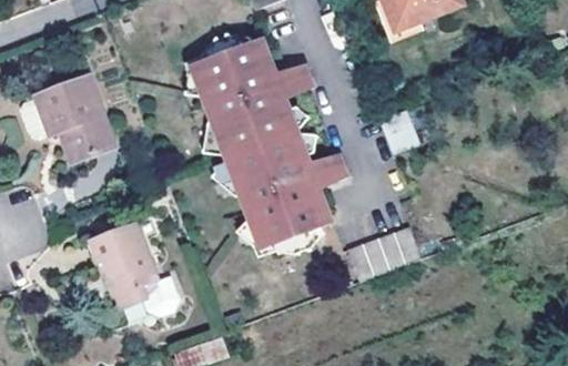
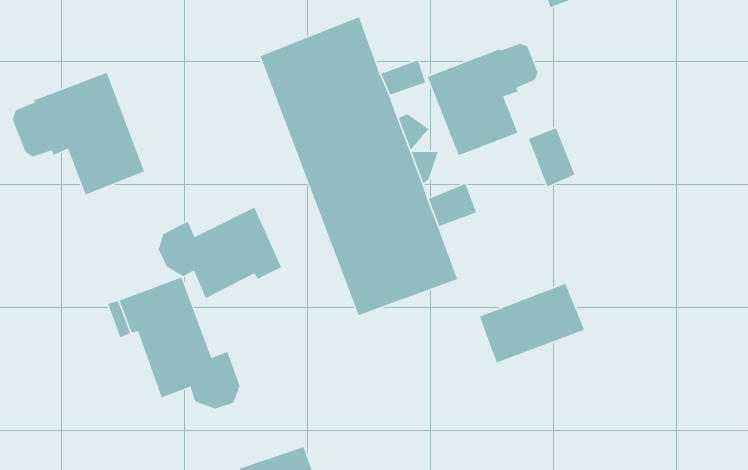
building: none -> [427,43,539,156]
building: none -> [158,206,282,299]

